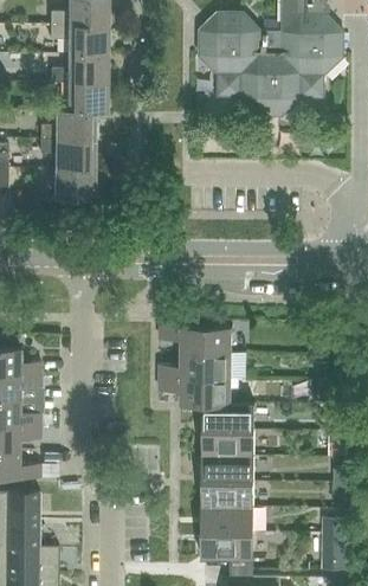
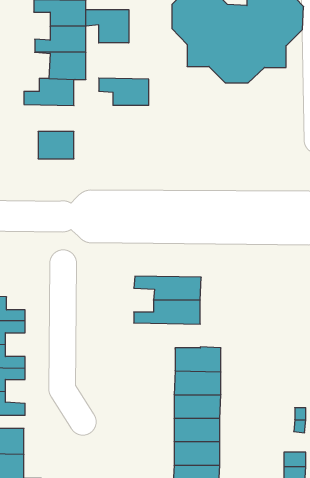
building: none -> [86,10,129,43]
building: [40,139,95,168] -> [99,78,149,105]
building: [160,376,232,405] -> none

